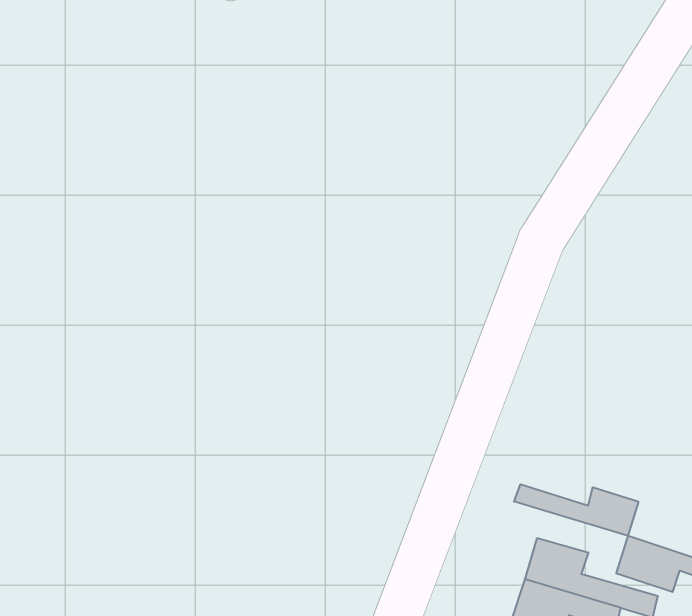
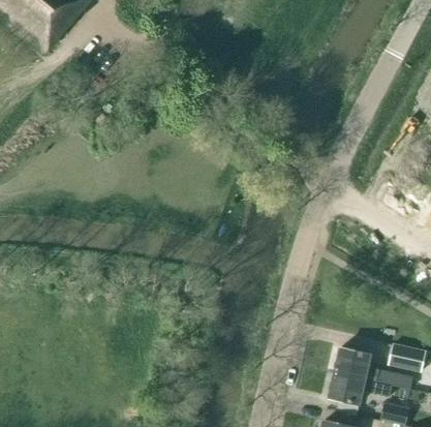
building: [514,484,638,536] -> none

